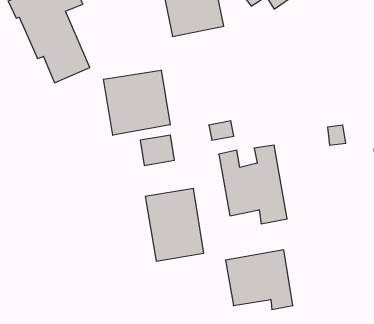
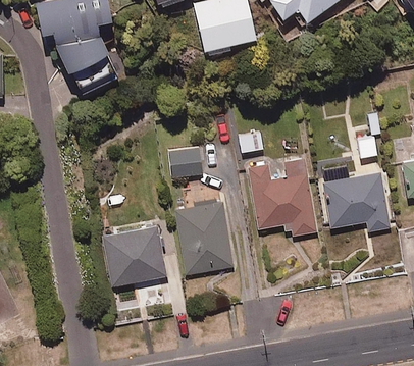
building: [103,70,170,135] -> none
building: none -> [102,224,166,285]
building: [225,250,293,309] -> [322,171,391,231]

